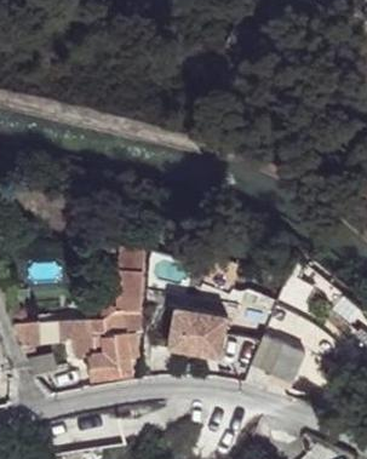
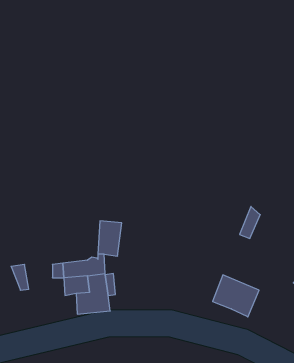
building: [170,304,229,356] -> none

